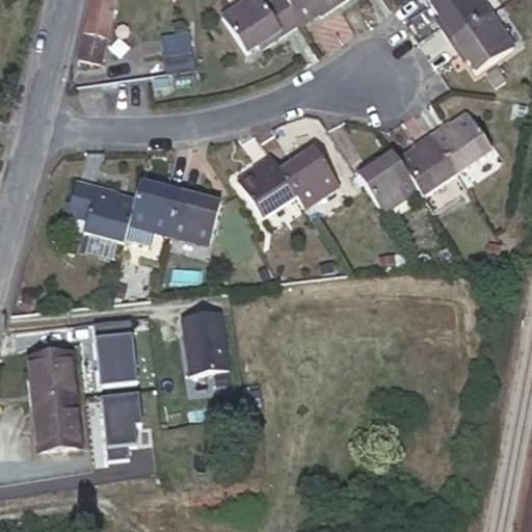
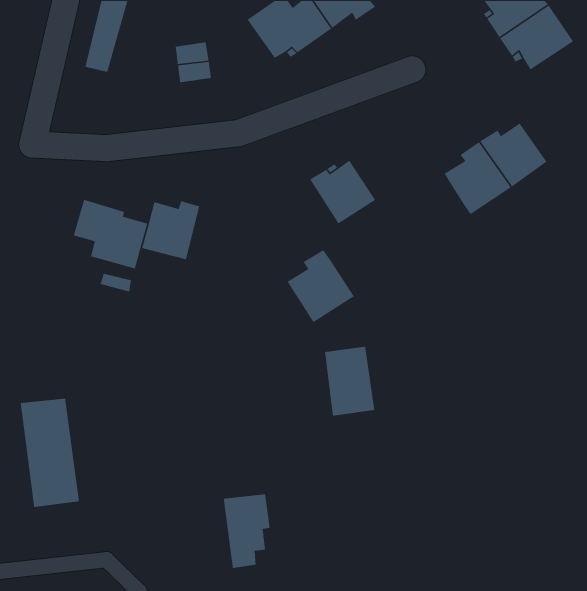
building: [357,148,420,207] -> none
building: [241,151,302,217] -> [286,249,355,323]
building: [171,185,221,244] -> none
building: [178,315,223,378] -> [324,346,375,416]
building: [92,339,137,393] -> none
building: [101,400,143,468] -> [223,494,270,569]

